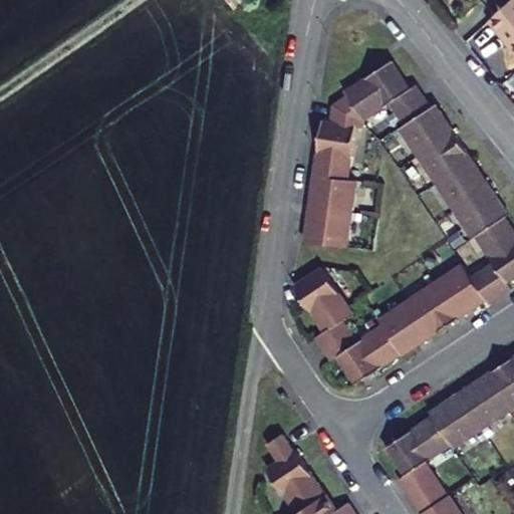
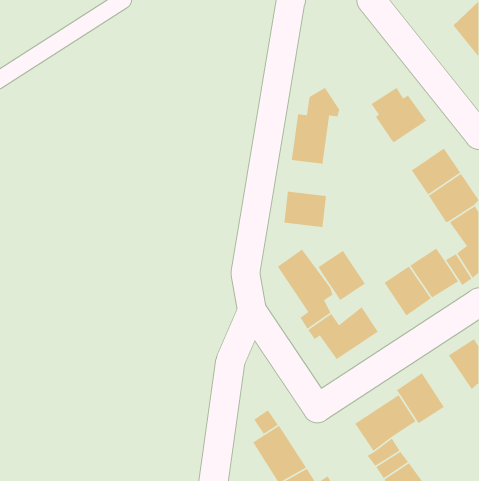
building: [343,60,422,118] -> none
building: [418,131,472,183] -> none
building: [305,173,351,210] -> none
building: [380,302,432,356] -> [318,250,366,301]
building: [449,379,501,435] -> none

